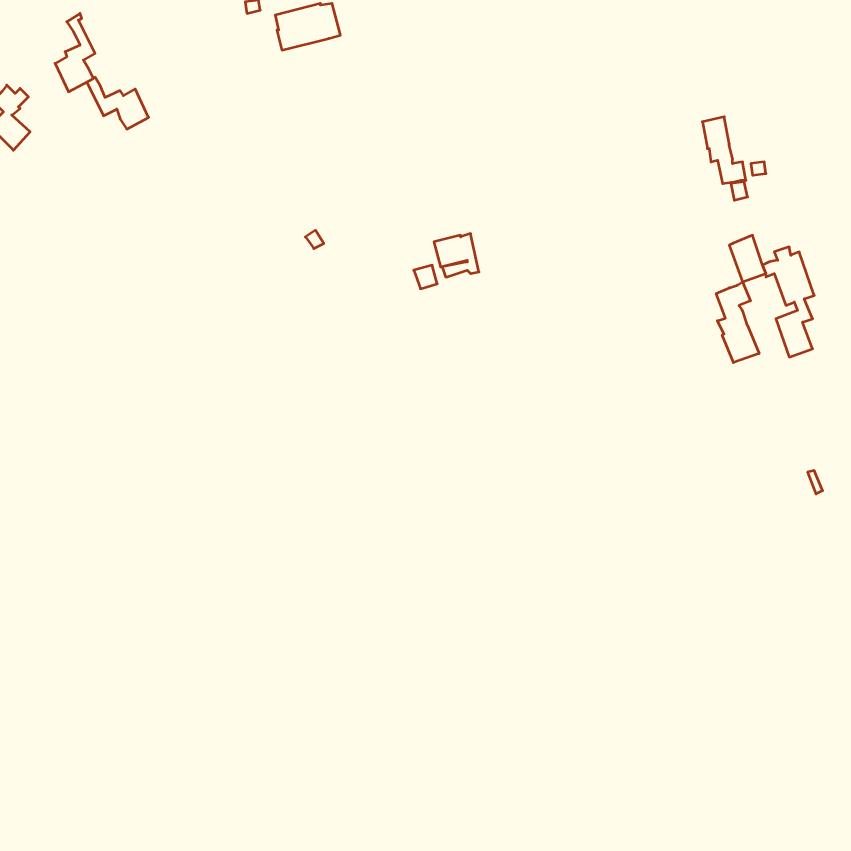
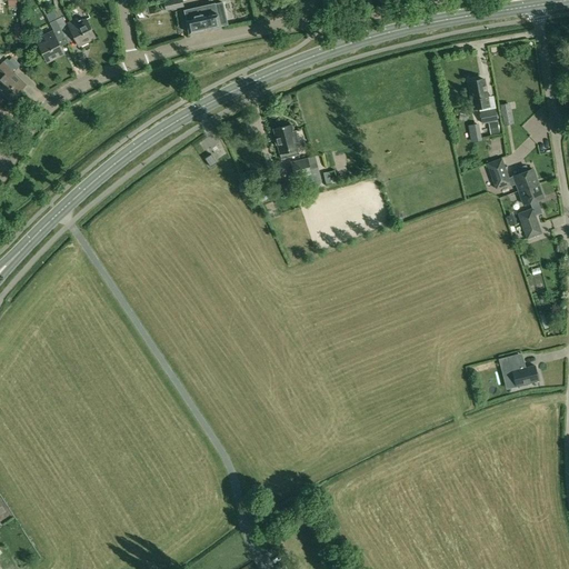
building: [87,77,149,129] -> [52,10,93,44]
building: none -> [273,123,298,158]
building: [716,282,759,363] -> none
building: none -> [501,353,538,386]

